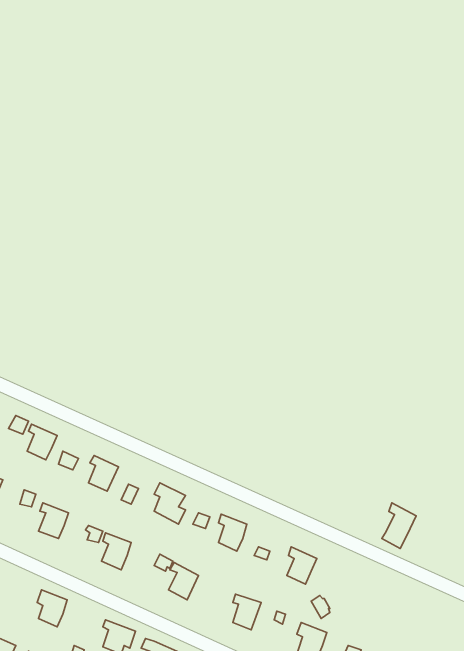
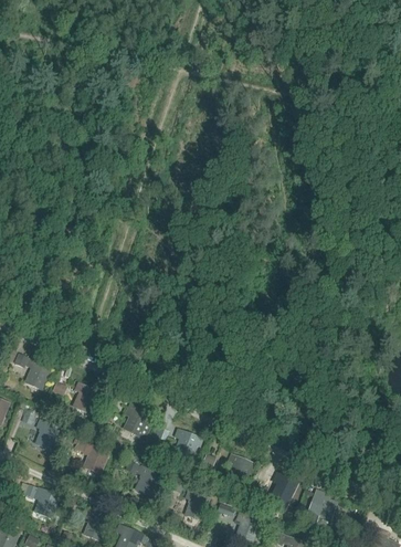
building: [382,503,416,549] -> [268,473,295,508]
building: none -> [306,491,334,517]

